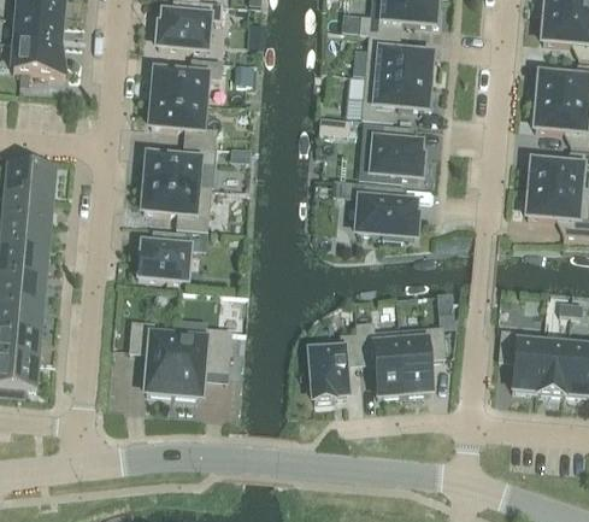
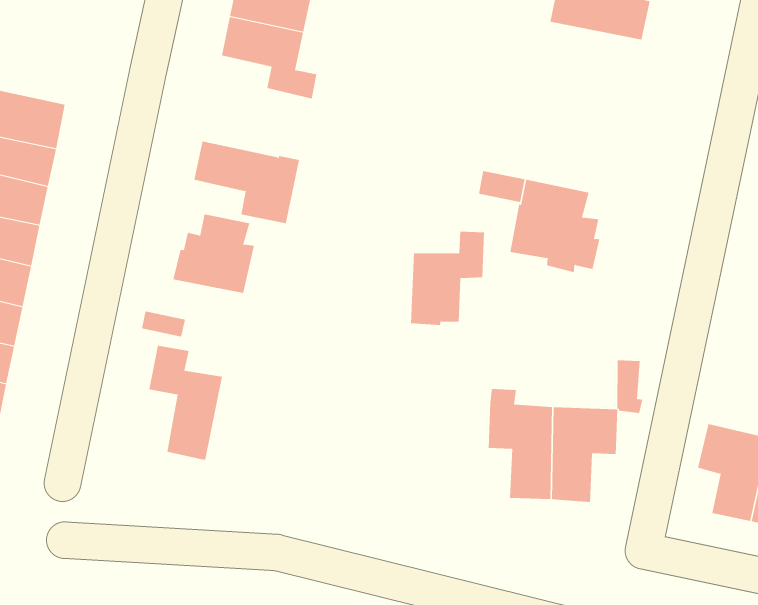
building: [363,75,432,119] -> none
building: [372,123,422,175] -> none
building: [146,141,216,186] -> none
building: [173,325,231,394] -> none
building: [311,332,359,398] -> [410,231,485,325]

